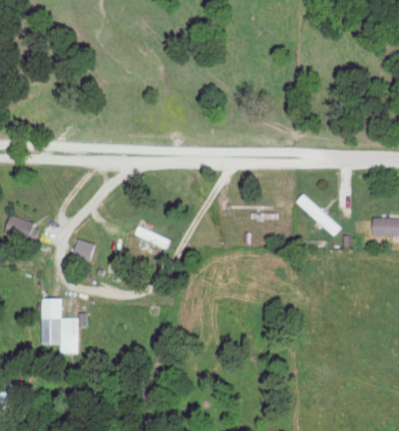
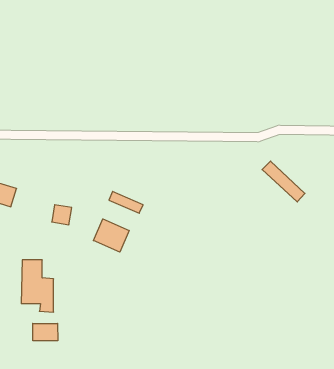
building: none -> [93,219,129,252]
building: none -> [33,323,58,341]

